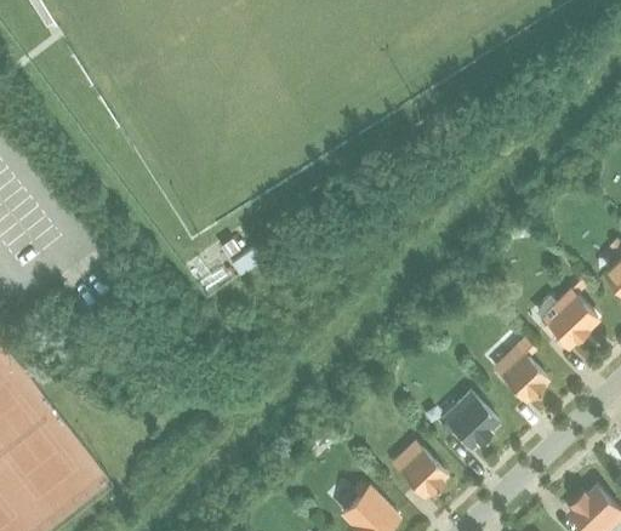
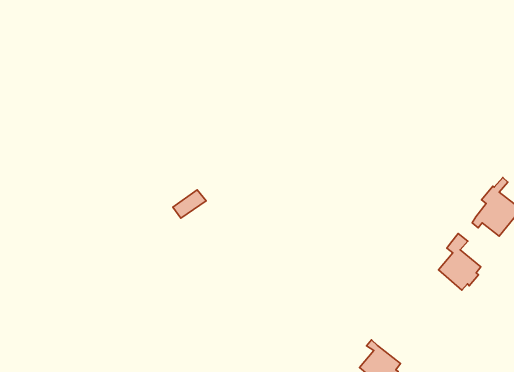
building: [441,392,498,449] -> none

